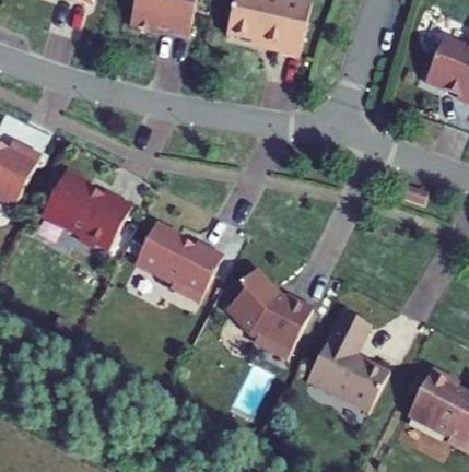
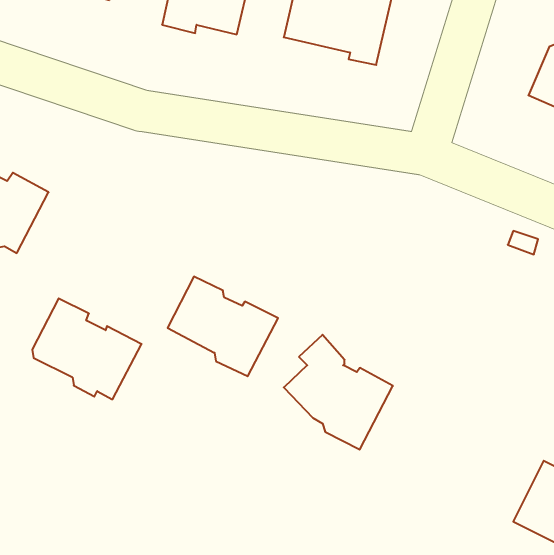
building: [45,168,131,248] -> [32,298,142,399]
building: [306,311,389,412] -> none

